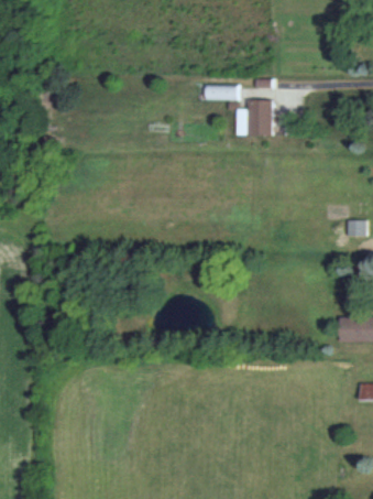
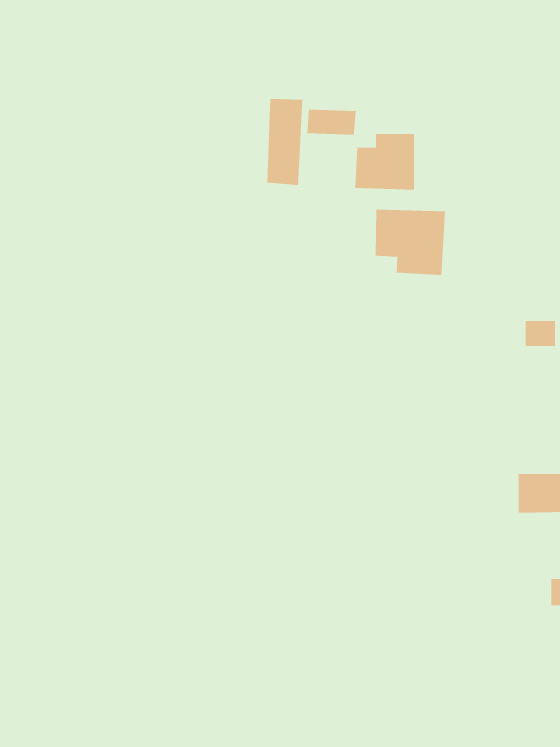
building: none -> [267,98,303,186]
building: none -> [375,209,446,276]

